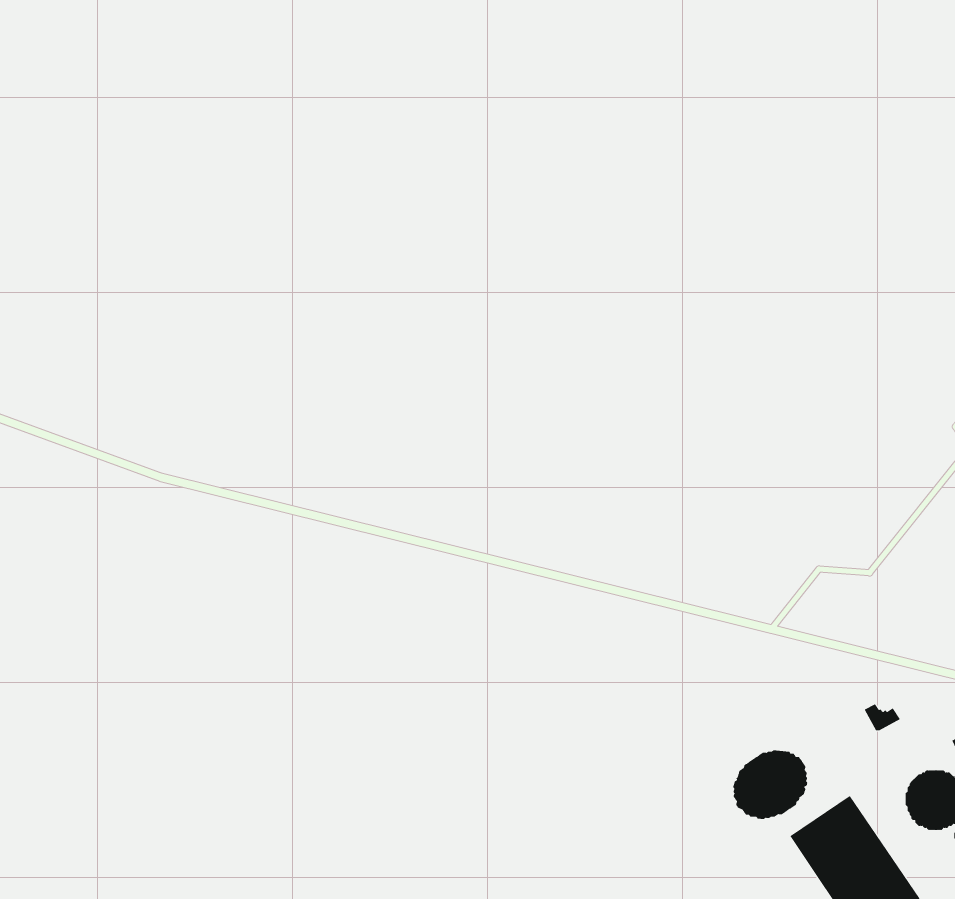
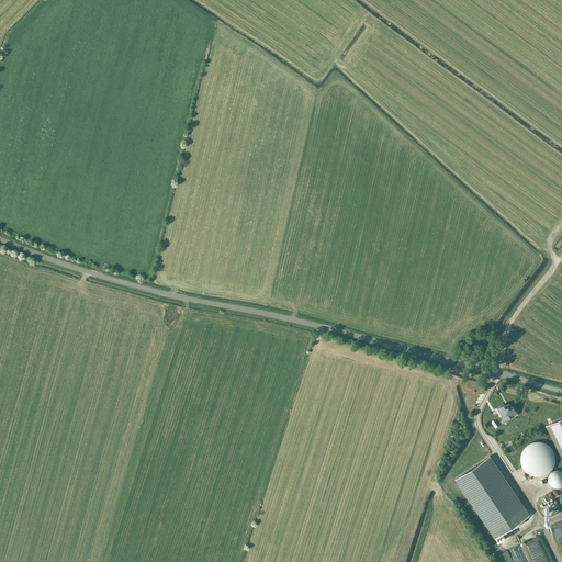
building: [733,750,808,820] -> none

